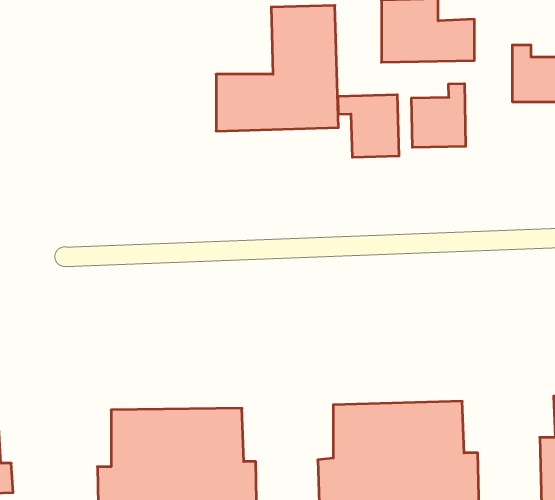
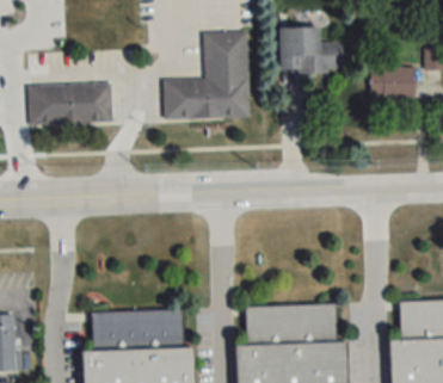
building: none -> [30,82,112,123]
building: [412,84,466,147] -> none
building: [338,95,399,157] -> none

